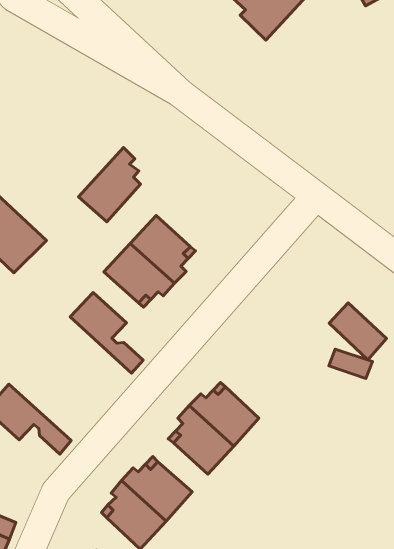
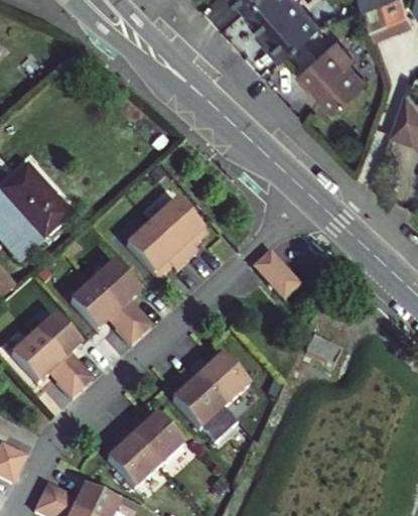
building: none -> [299,38,369,111]
building: [79,147,140,222] -> none
building: [329,303,386,360] -> [257,247,305,298]
building: none -> [67,282,138,348]
building: none -> [30,316,91,390]

